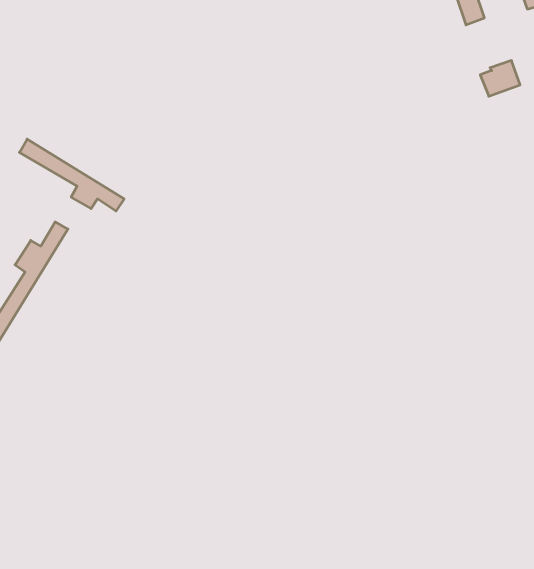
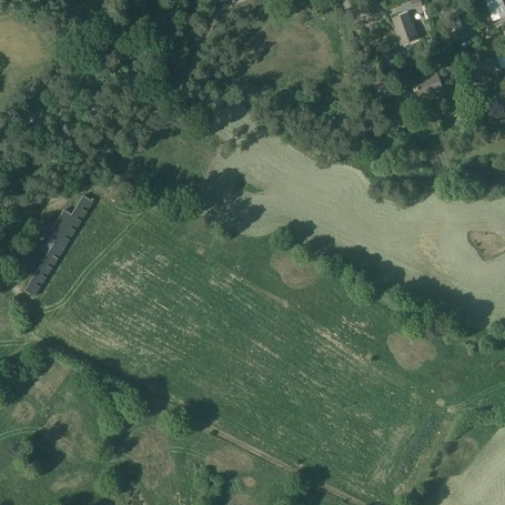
building: [19,139,124,211] -> none

